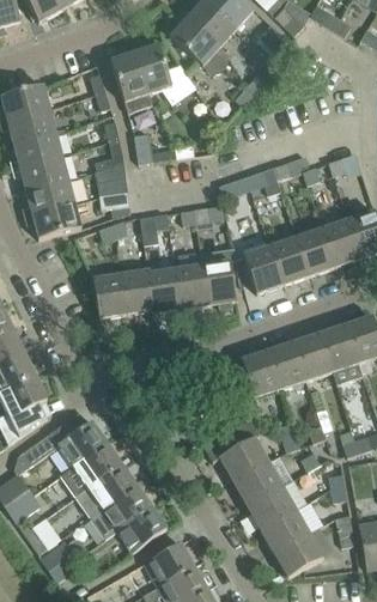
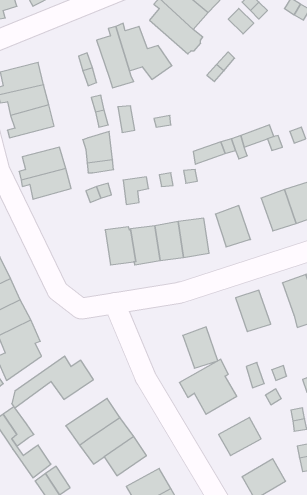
building: [12,156,68,190] -> none
building: [270,237,309,284] -> none
building: [93,273,126,317] -> none
building: [293,333,333,379] -> none
building: [241,349,280,396] -> [183,327,218,368]
building: [61,442,122,494] -> none
building: [233,461,282,504] -> none
building: [261,509,309,552] -> none

